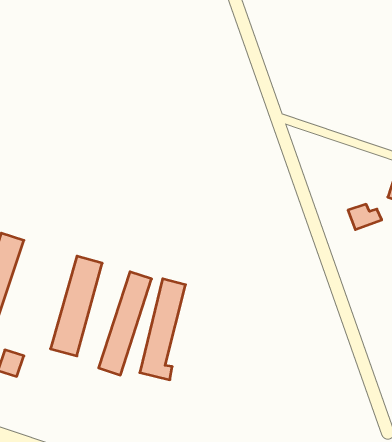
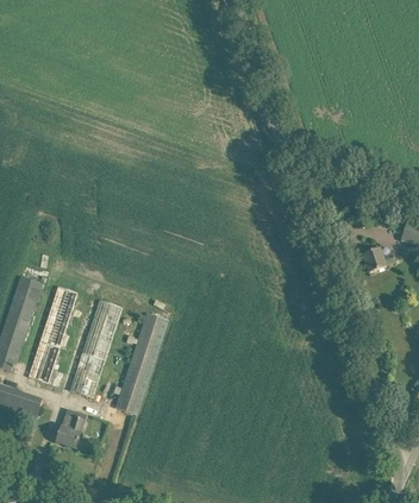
building: [140,279,186,380] -> [29,285,74,385]
building: none -> [56,409,85,448]

